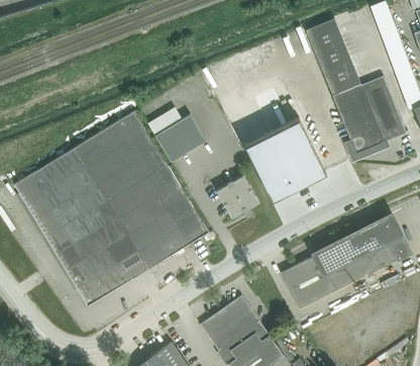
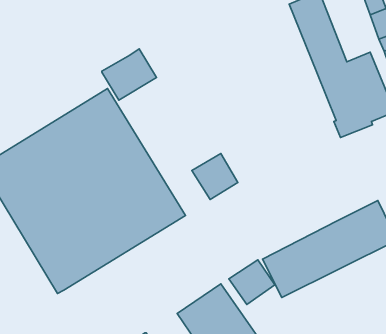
building: [154,113,206,162] -> [102,49,156,100]
building: [244,117,325,198] -> none
building: none -> [229,260,275,304]

